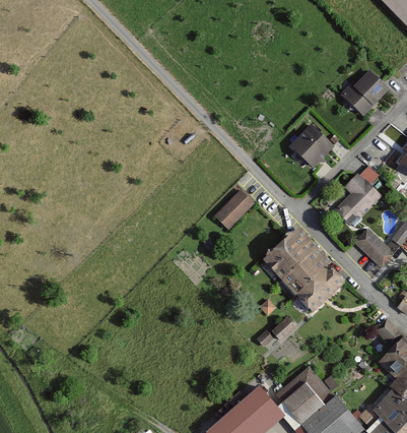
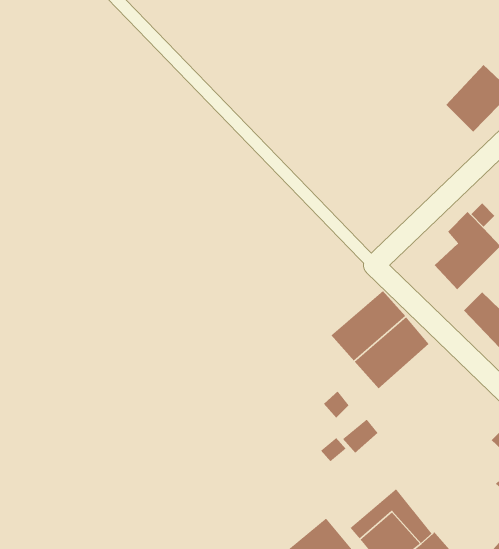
building: [289,123,332,167] -> none
building: [213,188,253,228] -> none
building: [295,264,347,314] -> none

